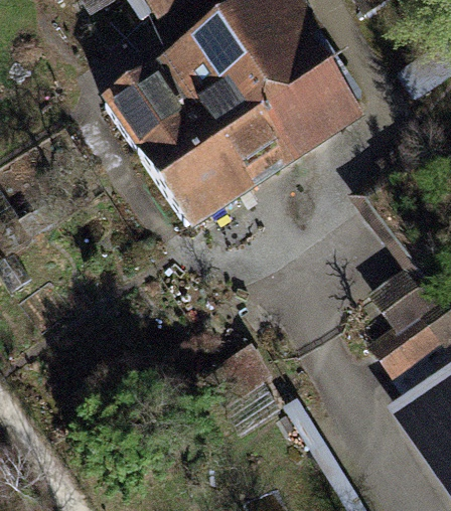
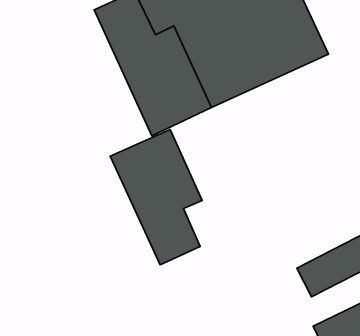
building: none -> [110,130,202,265]

